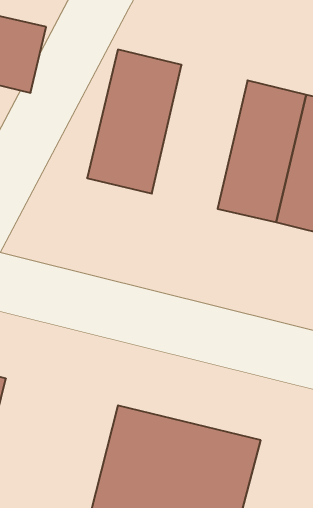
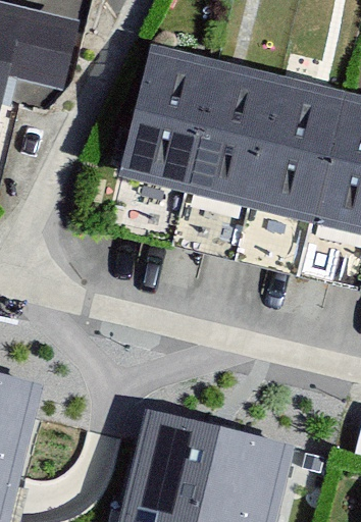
building: none -> [186,66,280,209]

